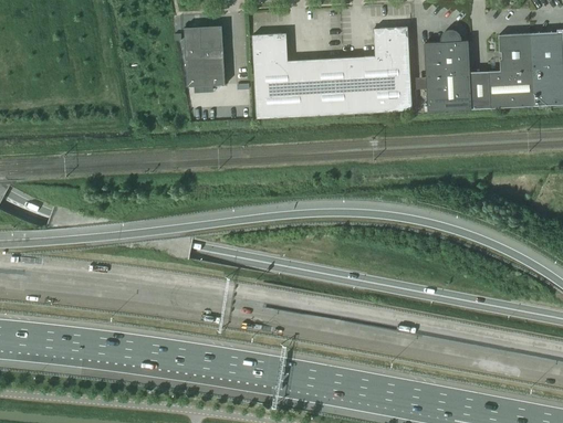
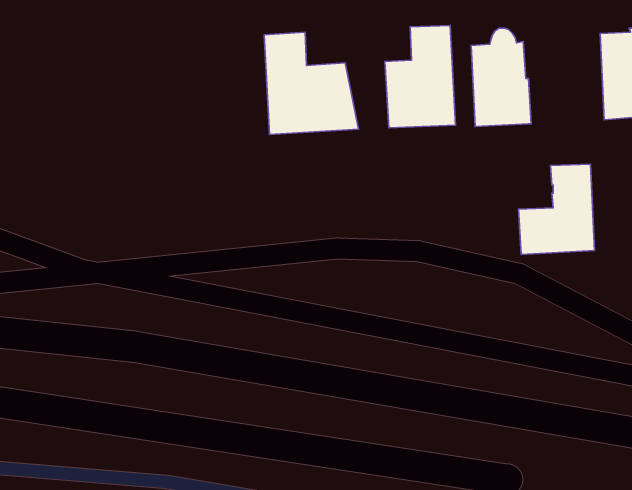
building: [184,25,225,86] -> none
building: [472,34,535,109] -> [519,164,594,254]
building: [320,57,356,114] -> none

